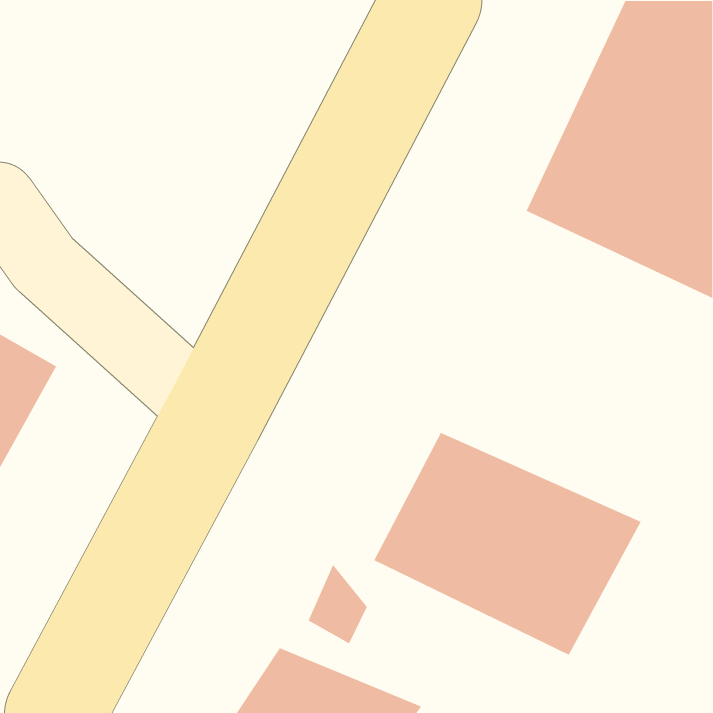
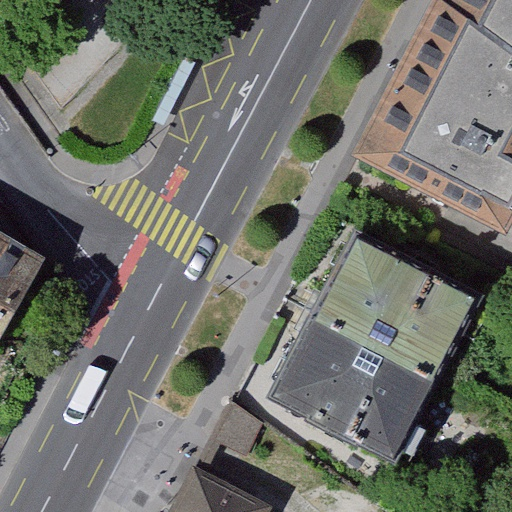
building: none -> [315,219,505,374]

